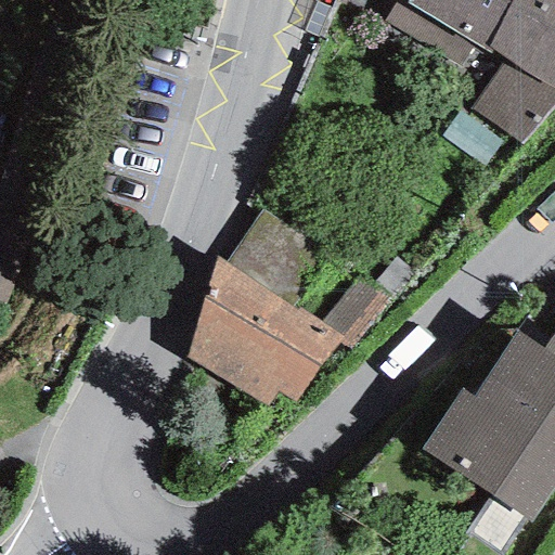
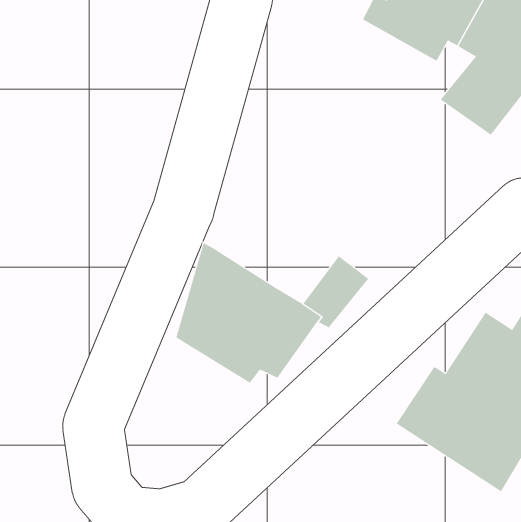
building: [228,207,331,305] -> none

